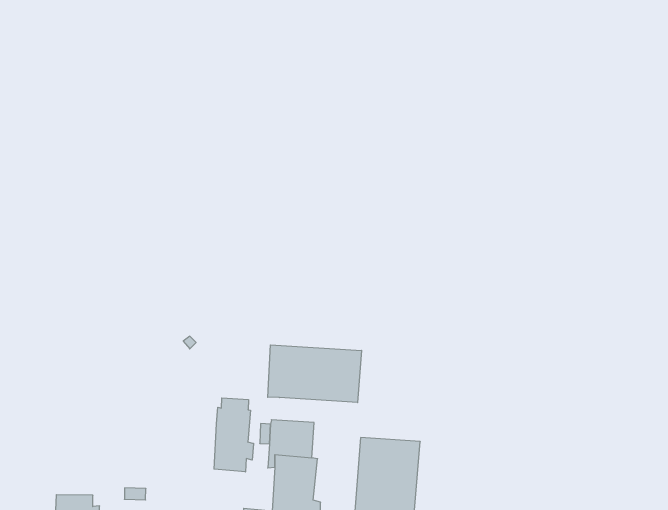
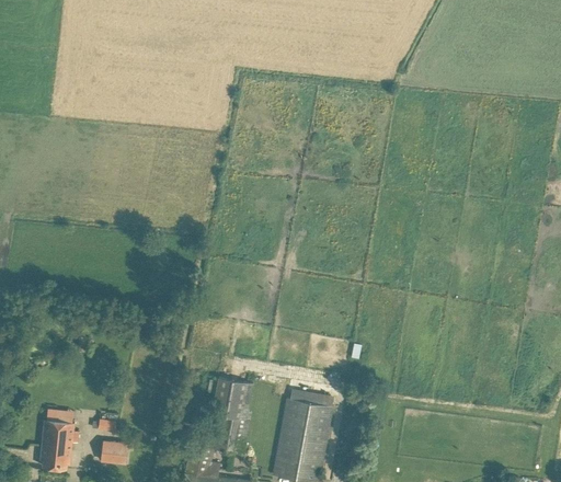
building: [268,345,362,403] -> none
building: [214,398,254,472] -> none

